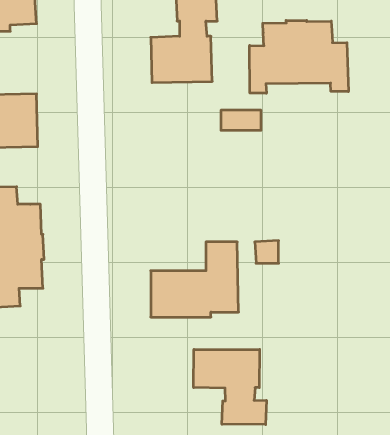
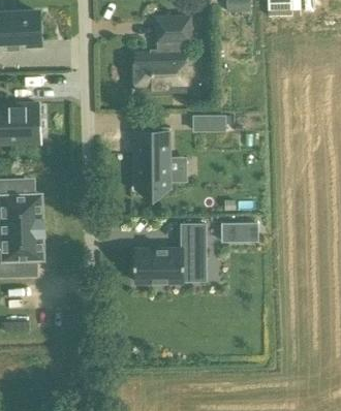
building: [250,20,348,93] -> none
building: none -> [134,127,170,190]
building: [194,349,266,425] -> none

